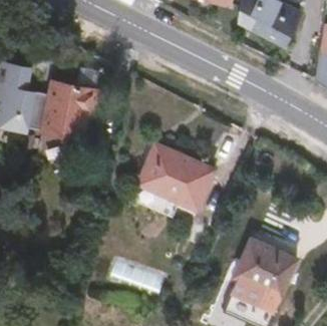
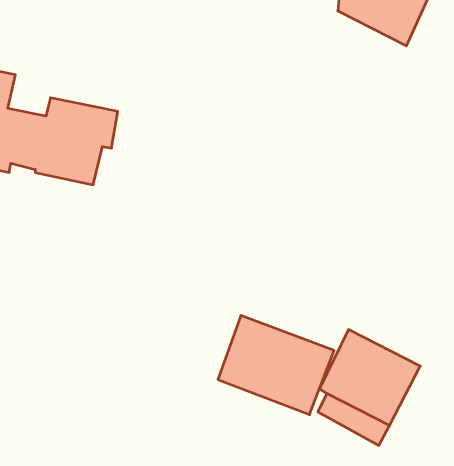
building: [139,144,216,210] -> [218,315,334,415]

